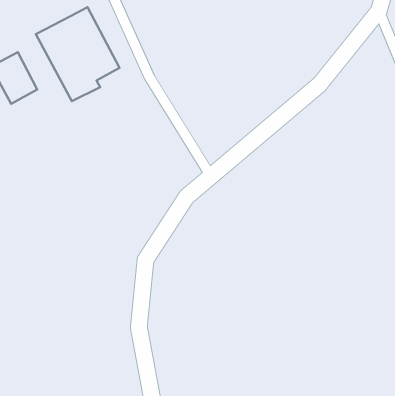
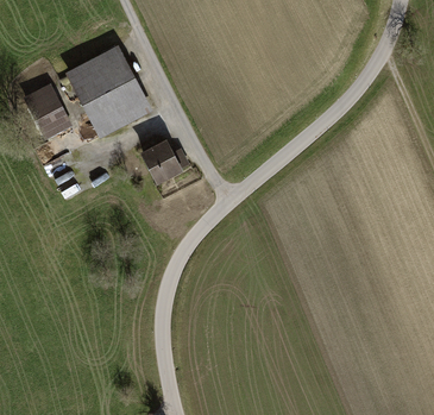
building: none -> [144,142,187,181]

